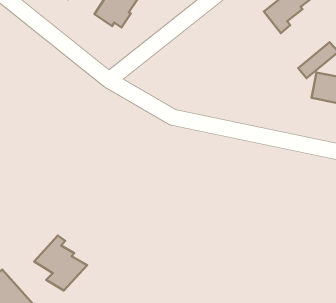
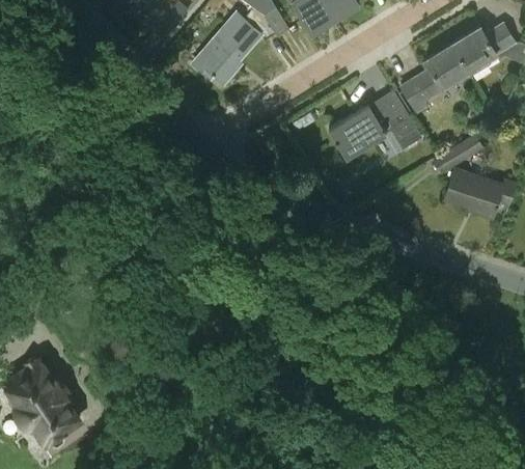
building: none -> [329,90,422,158]
building: [34,235,87,290] -> none

